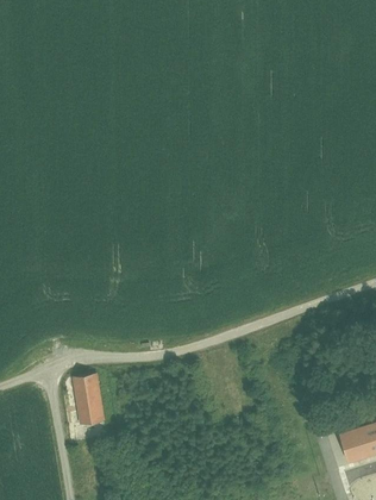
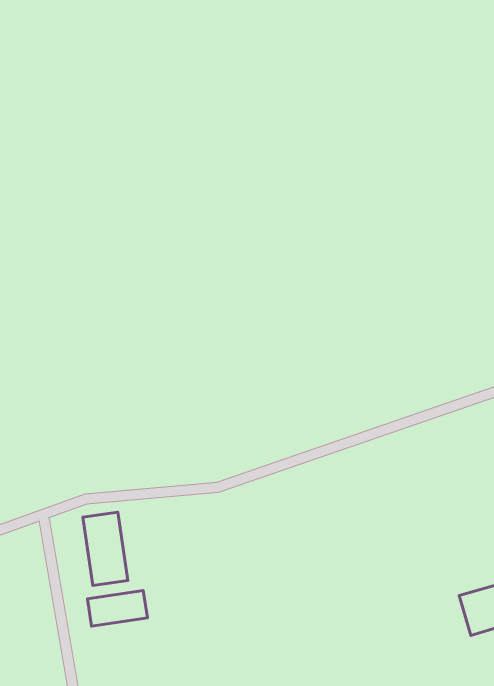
building: none -> [87,591,147,626]

